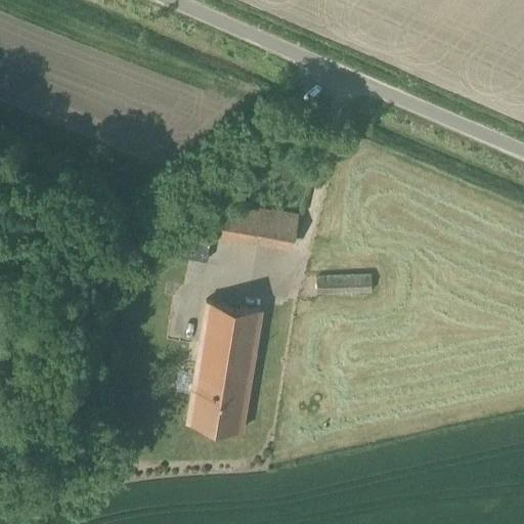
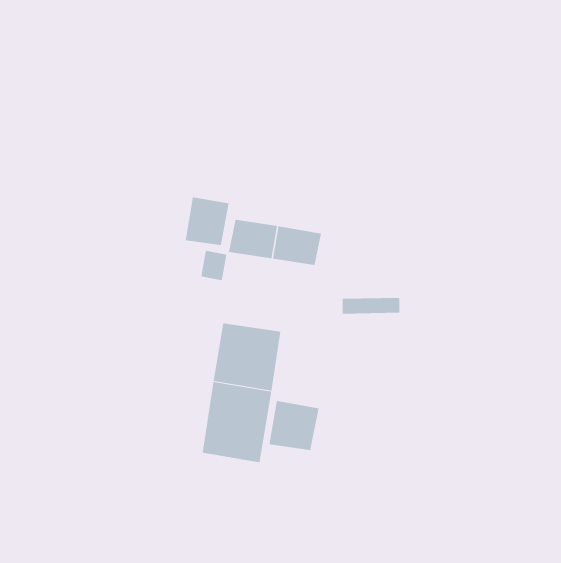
building: none -> [185,197,229,246]
building: none -> [269,400,319,451]

